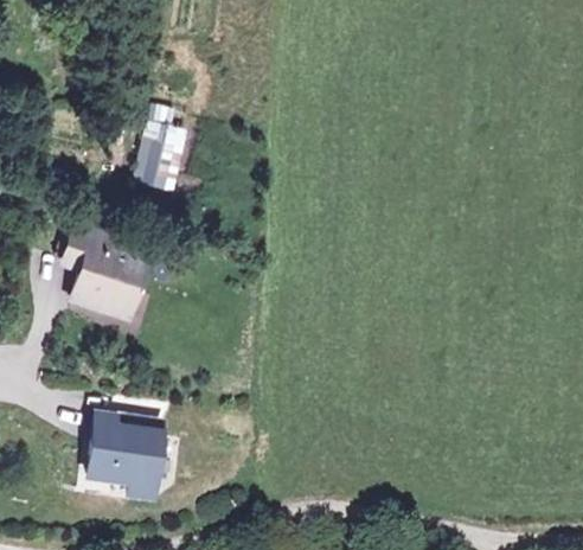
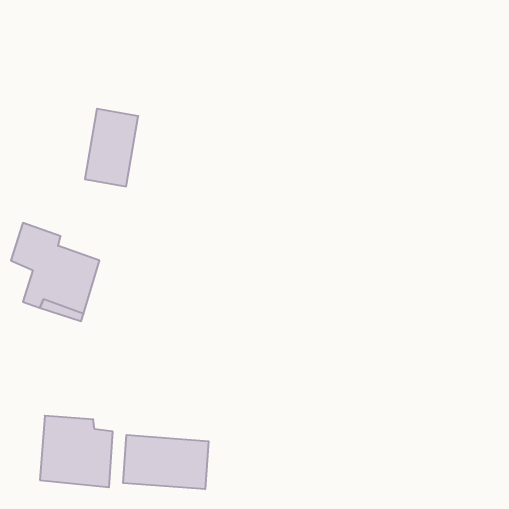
building: none -> [123,435,209,489]

